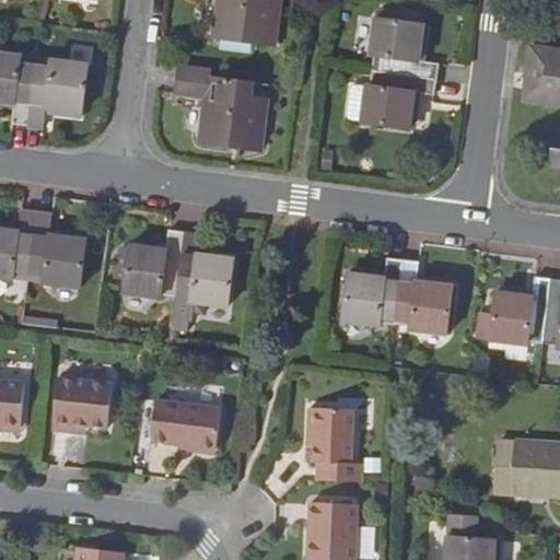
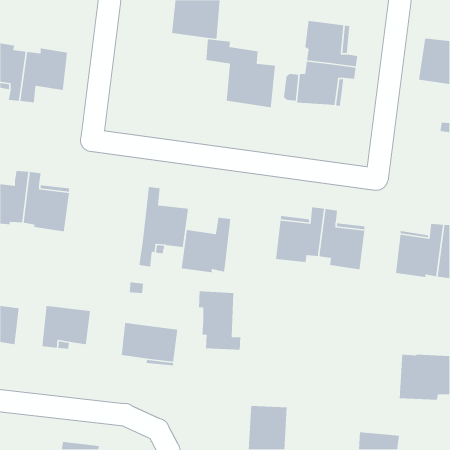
building: [174,69,261,155] -> [205,39,276,108]
building: [121,229,184,299] -> [181,217,231,273]
building: [307,407,361,481] -> [198,291,241,351]

